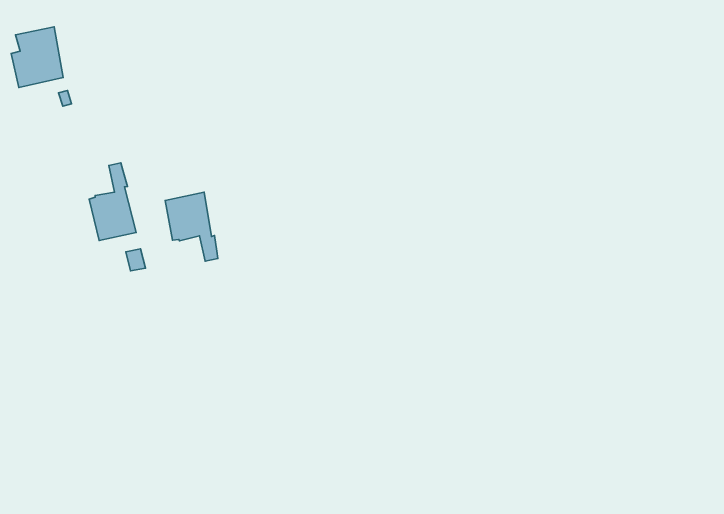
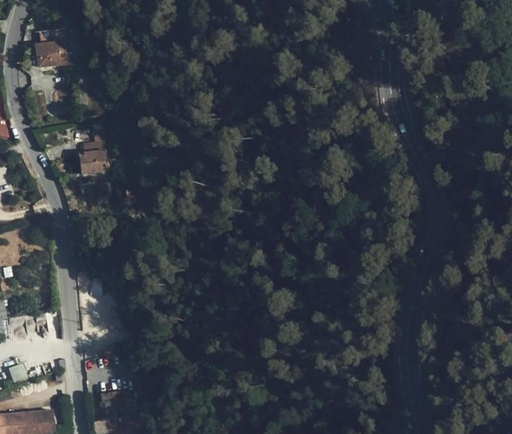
building: [165,192,218,261] -> none

